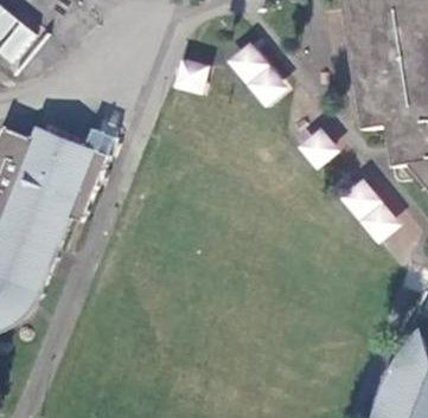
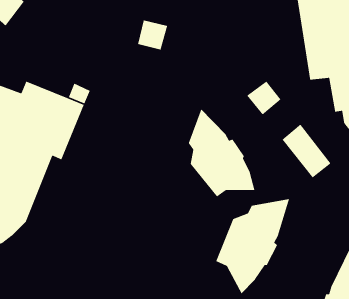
building: [221,37,286,105] -> none
building: none -> [188,108,256,198]
building: none -> [215,198,290,294]

